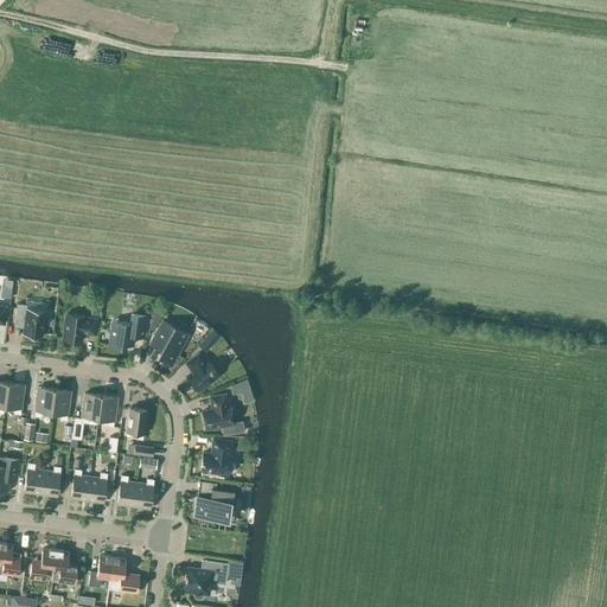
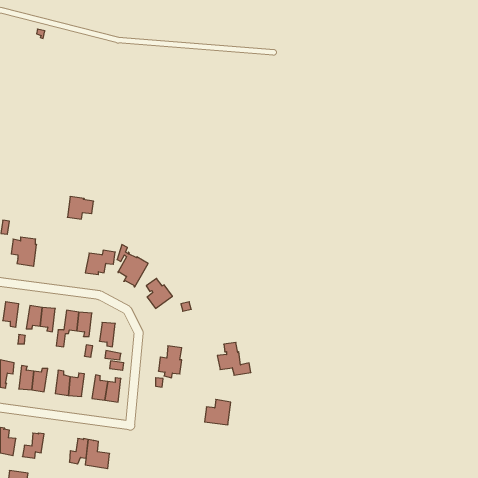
building: [64,314,97,343] -> [67,197,94,219]
building: [203,395,245,436] -> [217,342,251,375]
building: [197,487,230,519] -> [205,399,231,425]
building: [52,550,77,584] -> none
building: [185,561,228,600] -> none

